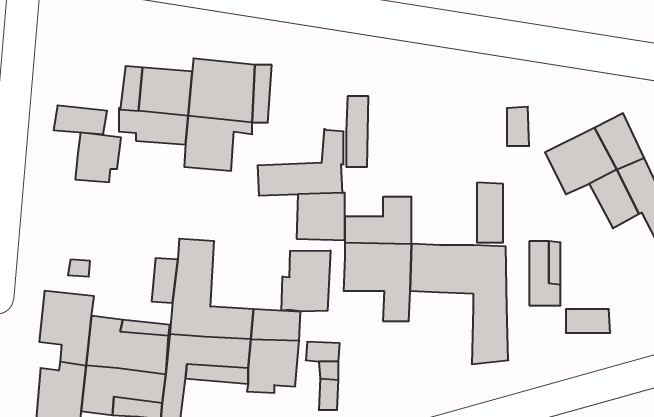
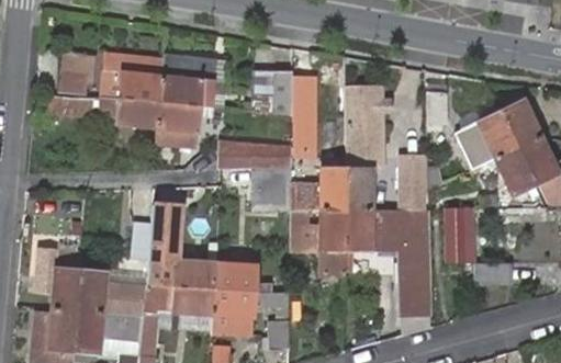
building: none -> [256,77,294,114]
building: none -> [346,86,384,209]
building: [75,132,121,182] -> [57,52,96,93]
building: [282,250,330,311] -> none

